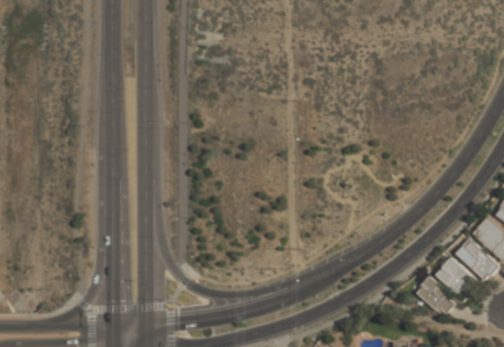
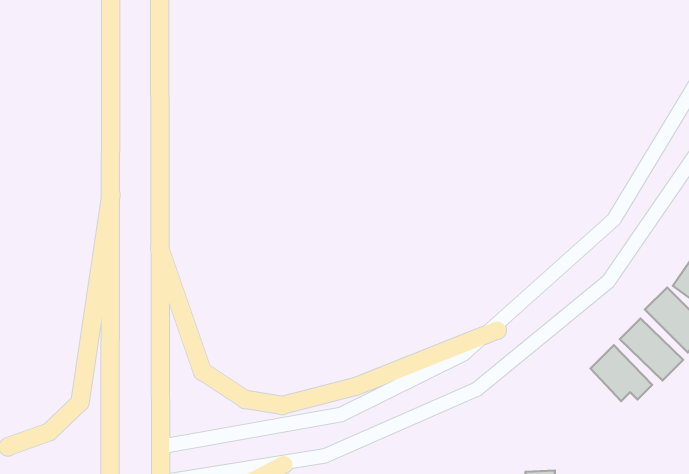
building: [416,277,456,318] -> none

